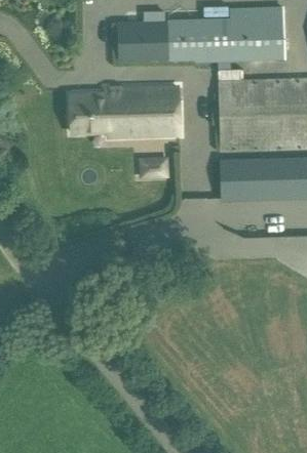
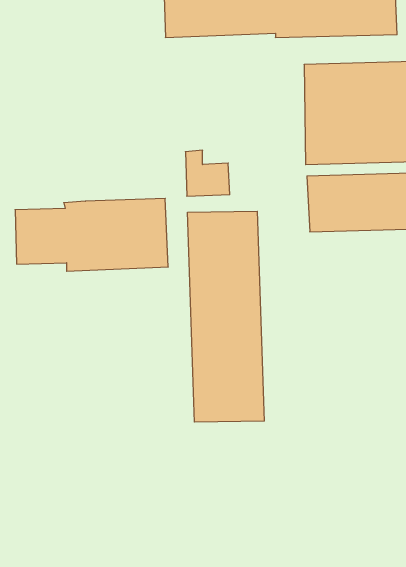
building: [70,86,180,138] -> [15,198,168,271]
building: none -> [188,211,264,422]

